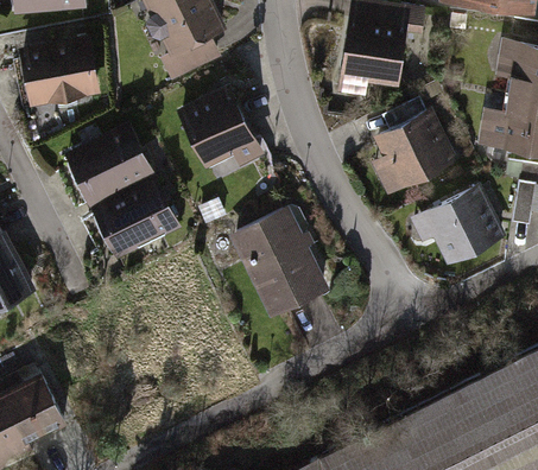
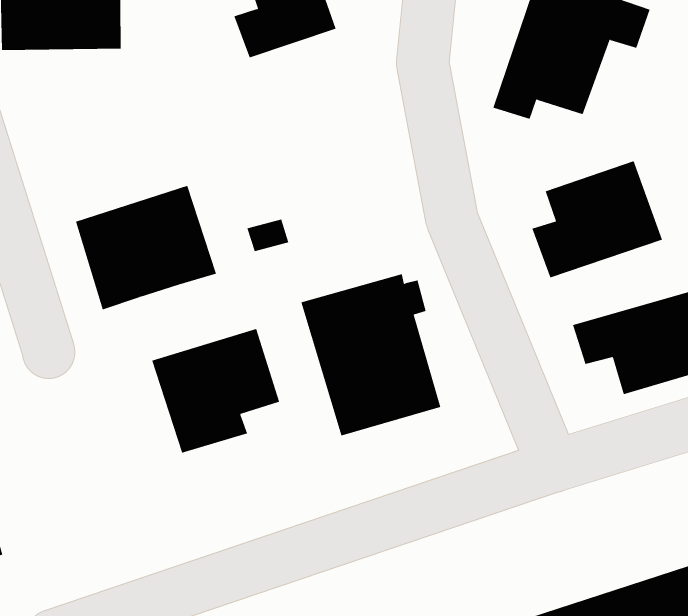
building: [182,88,272,171] -> none
building: [56,121,151,208] -> none
building: none -> [152,328,280,454]

